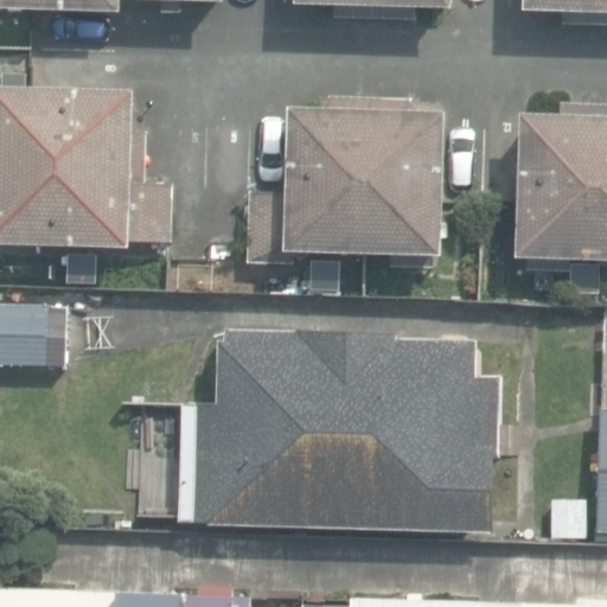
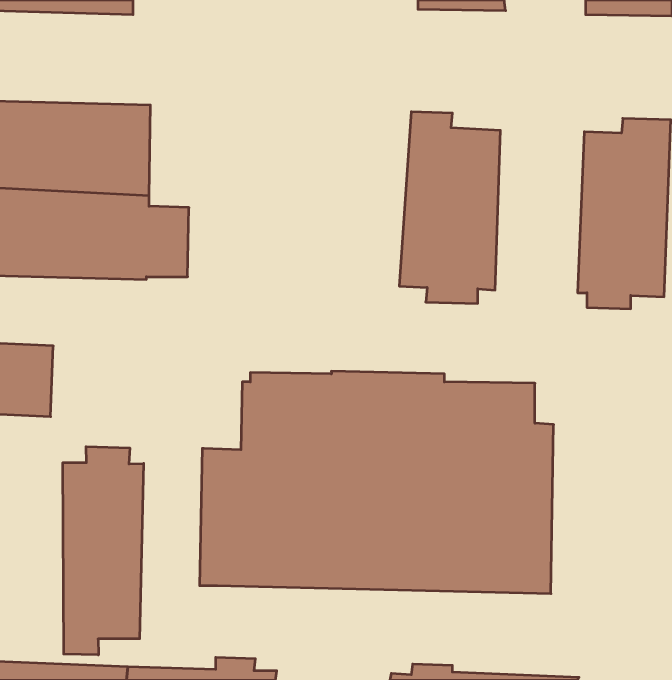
building: [244,98,366,266] -> none
building: none -> [63,447,144,655]

